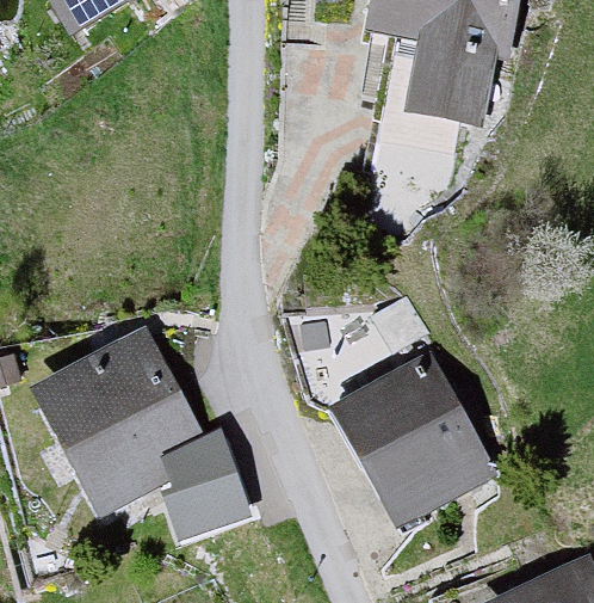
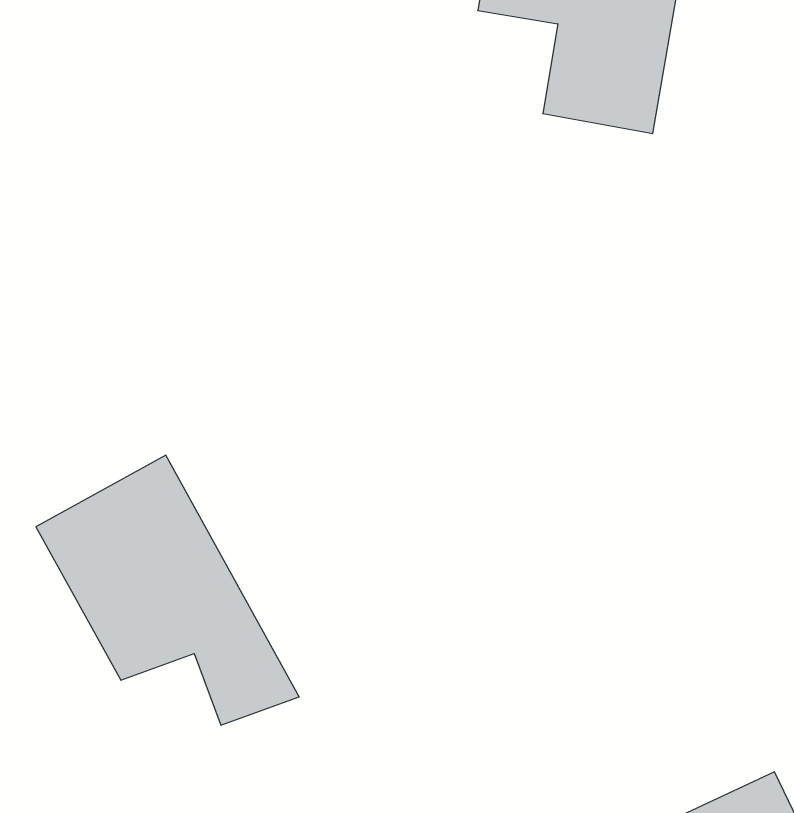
building: [338,361,475,512] -> none

